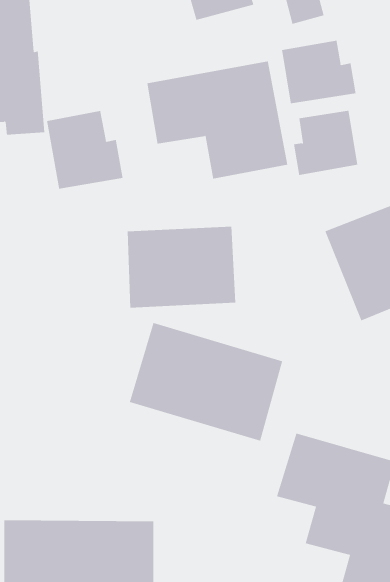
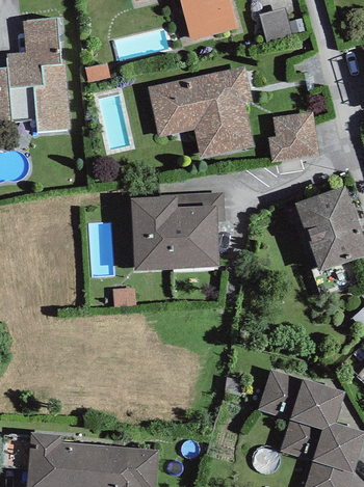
building: [282,40,356,104] -> none
building: [46,110,123,190] -> none
building: [129,322,283,441] -> none

